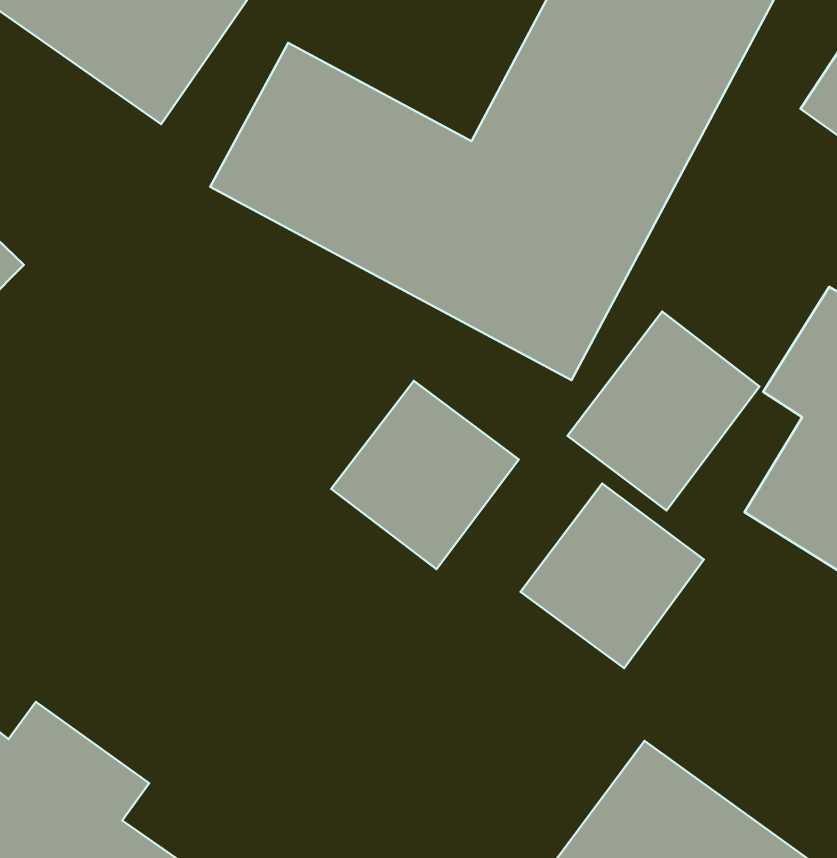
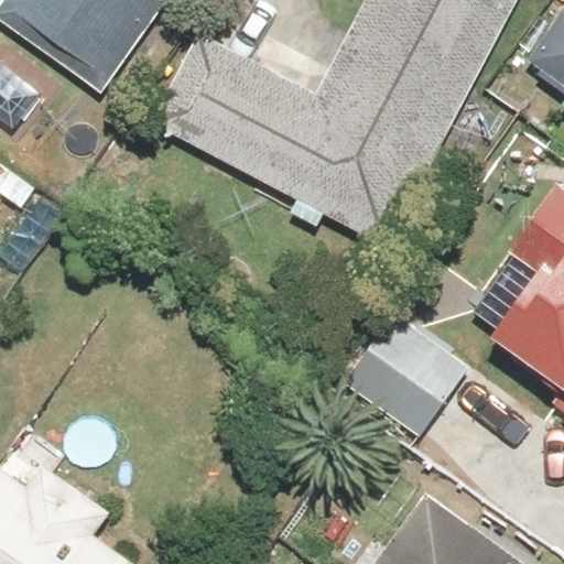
building: [567,311,760,510] -> none
building: [331,381,519,569] -> none

